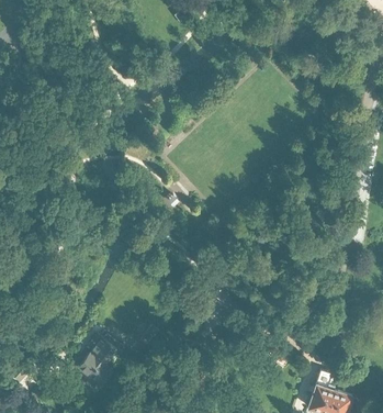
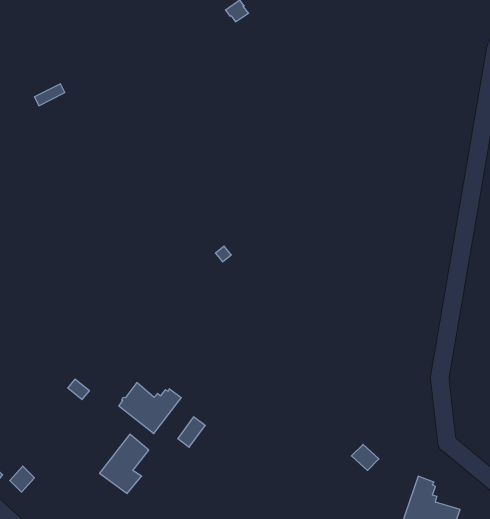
building: none -> [119,383,181,434]

